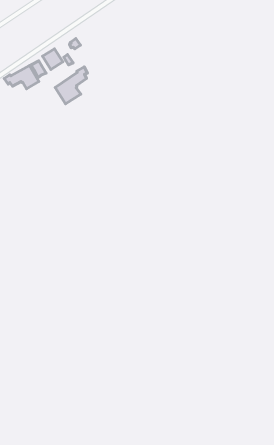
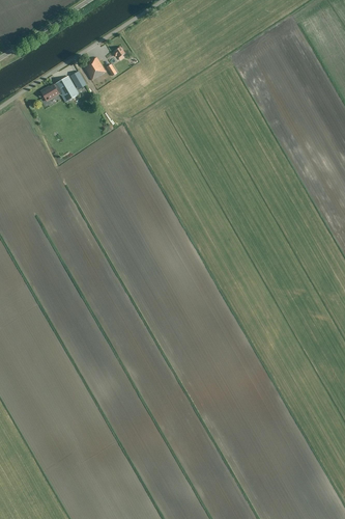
building: [55,67,87,104] -> none

